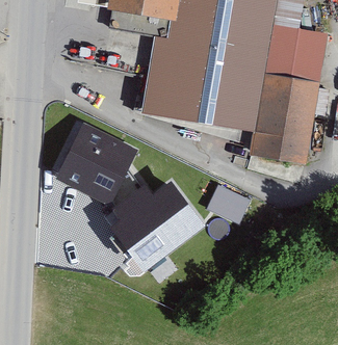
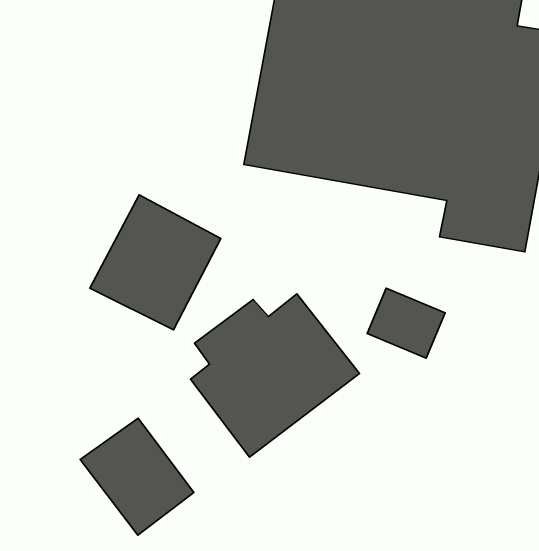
building: none -> [80,418,194,535]

